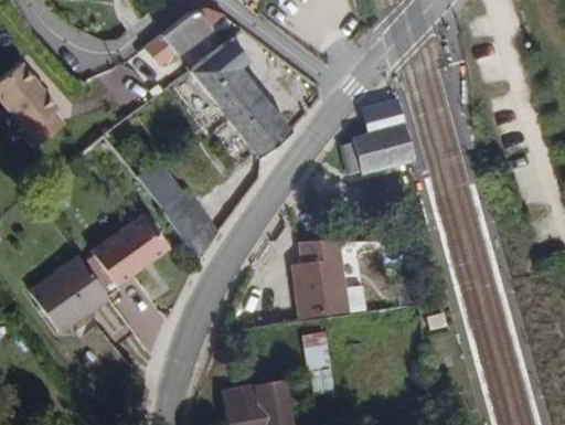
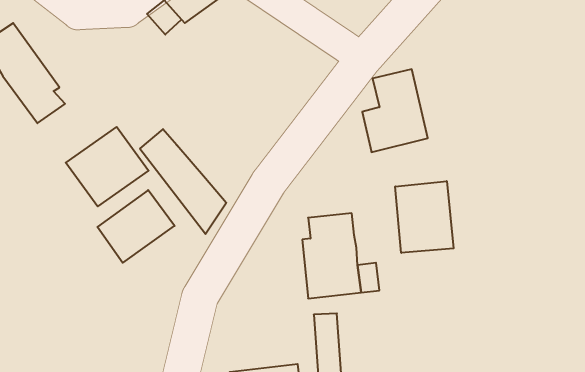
building: [189,36,292,152] -> none
building: none -> [395,181,454,253]
building: [30,254,109,330] -> [66,127,149,206]

